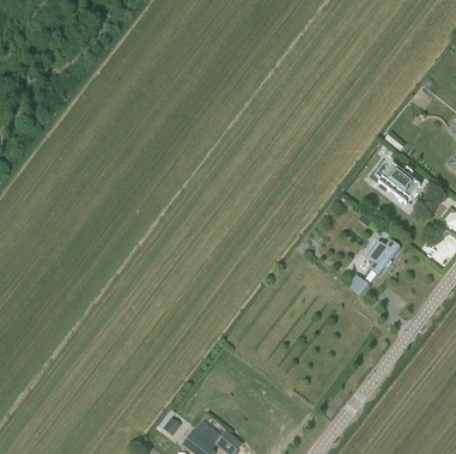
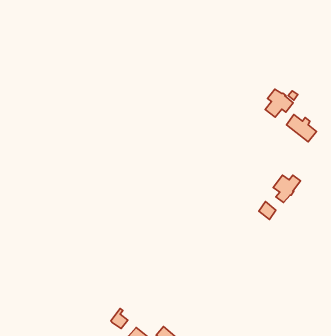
building: none -> [265,89,293,117]

